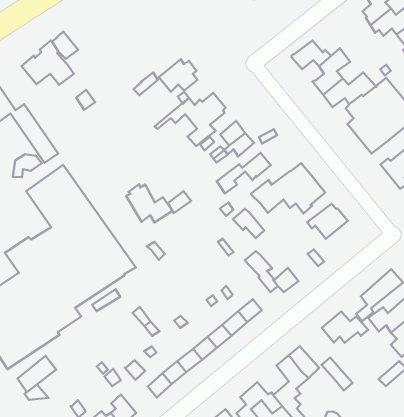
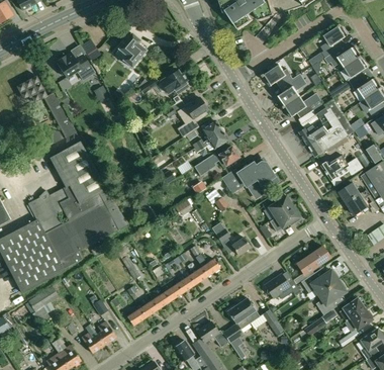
building: none -> [118,32,147,68]
building: [126,184,172,223] -> none
building: none -> [270,205,300,232]

